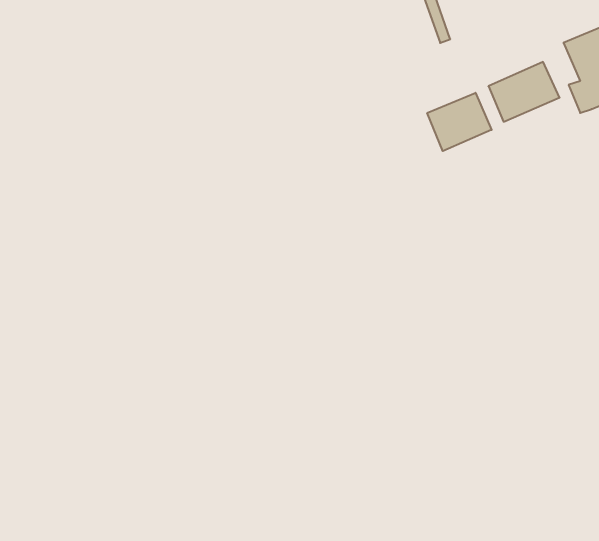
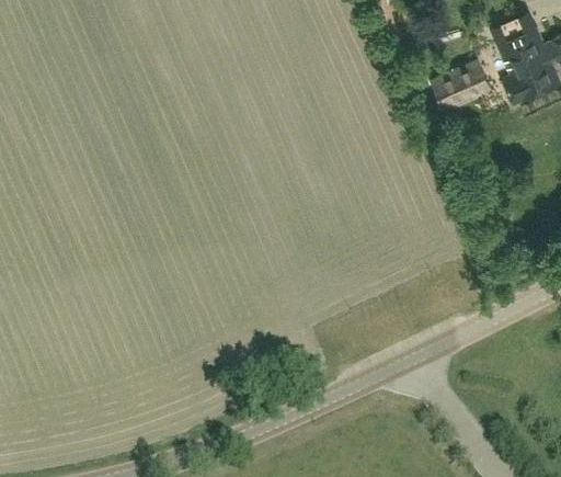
building: [427,93,492,151] -> none

